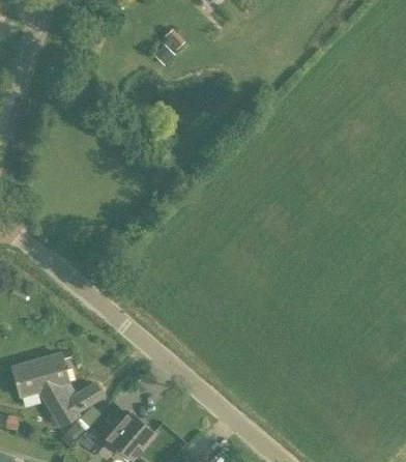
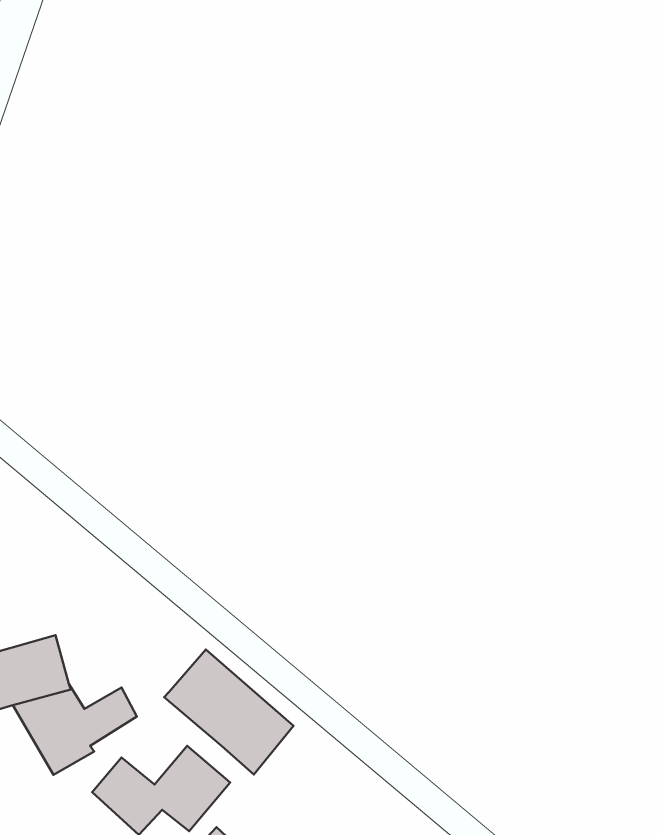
building: none -> [164,650,293,774]

